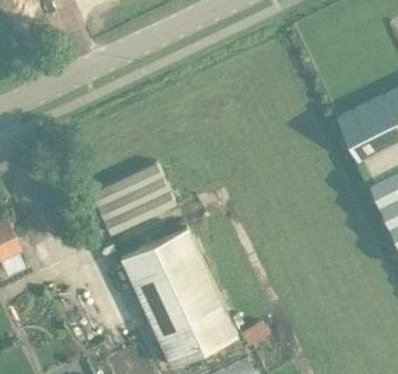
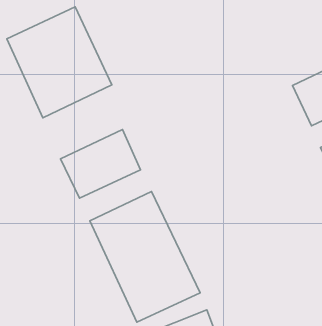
building: none -> [7,7,112,118]

